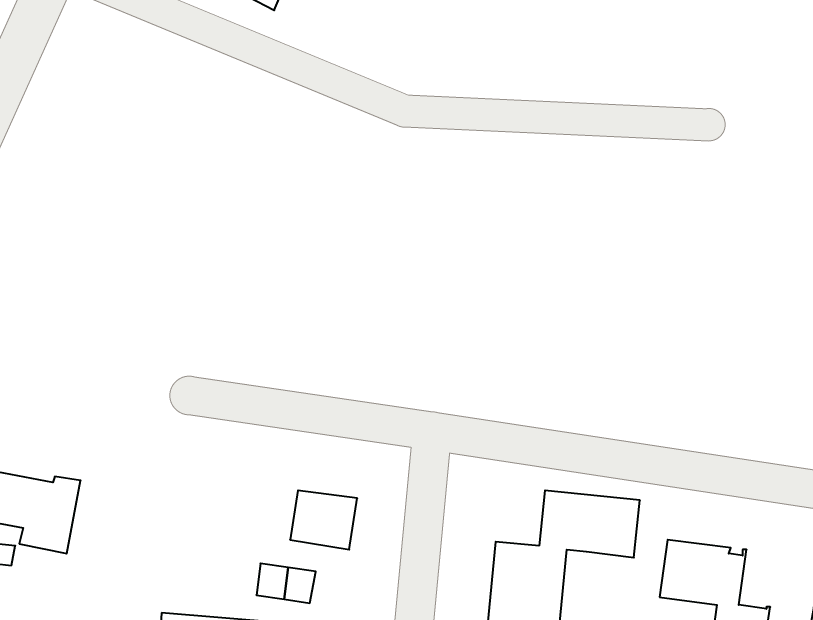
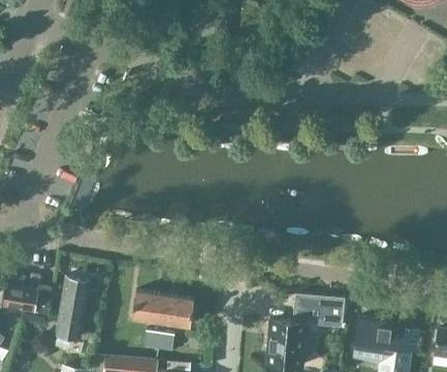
building: none -> [54,276,97,336]
building: none -> [131,287,165,318]

